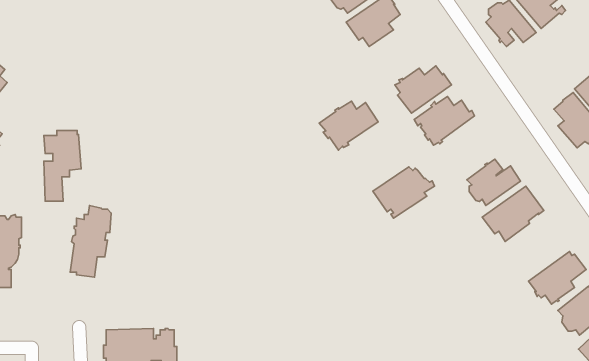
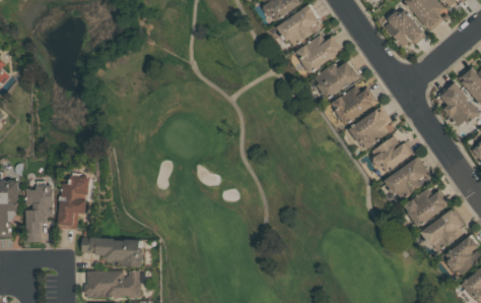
building: [319,101,378,150] -> [295,34,342,72]
building: [44,131,81,201] -> [26,185,56,241]
building: [373,167,435,218] -> [348,109,397,149]
building: none -> [403,186,450,227]
building: none -> [82,237,144,267]

